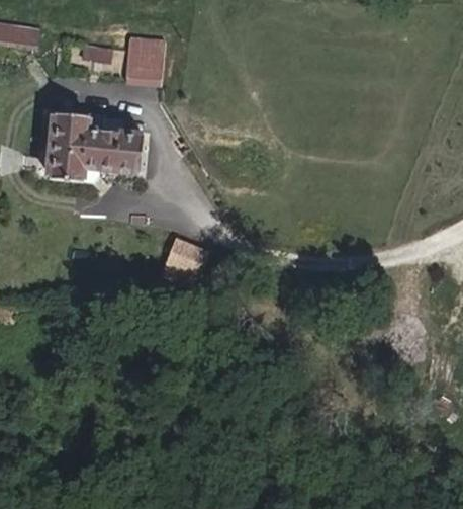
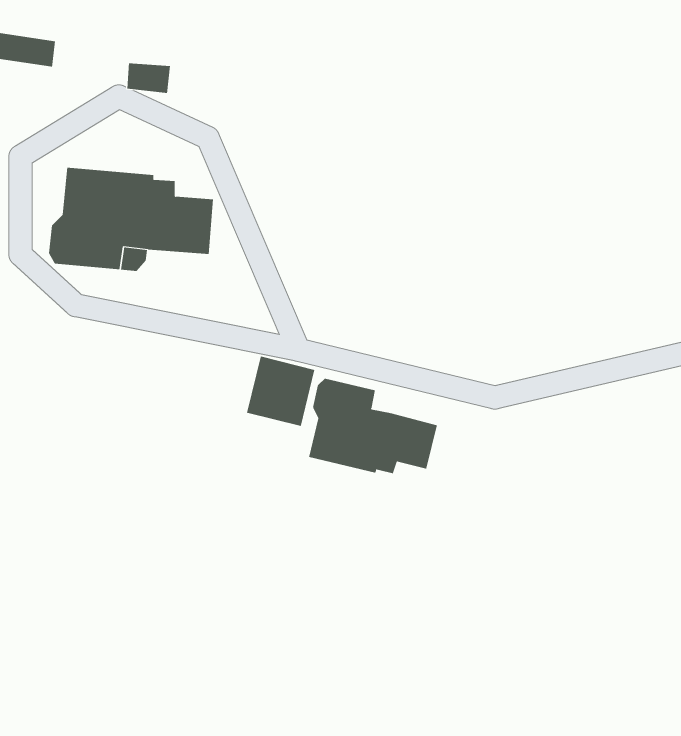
building: [126,37,166,79] -> none
building: none -> [309,378,438,474]

